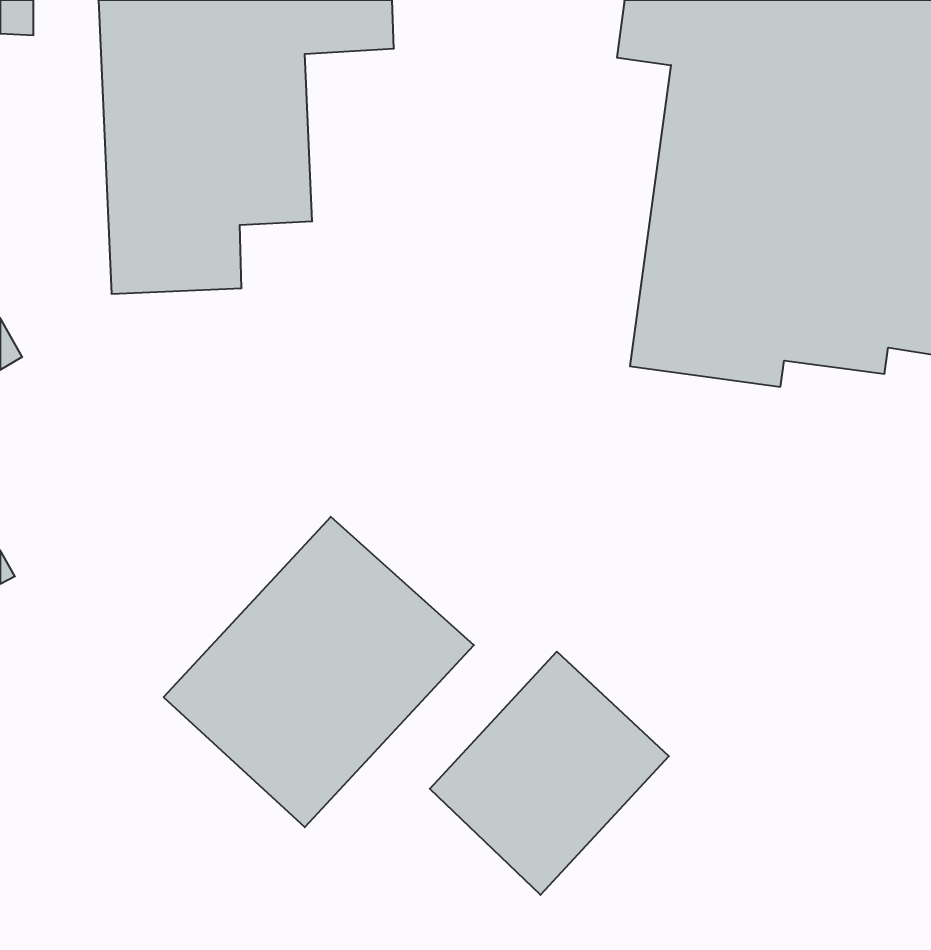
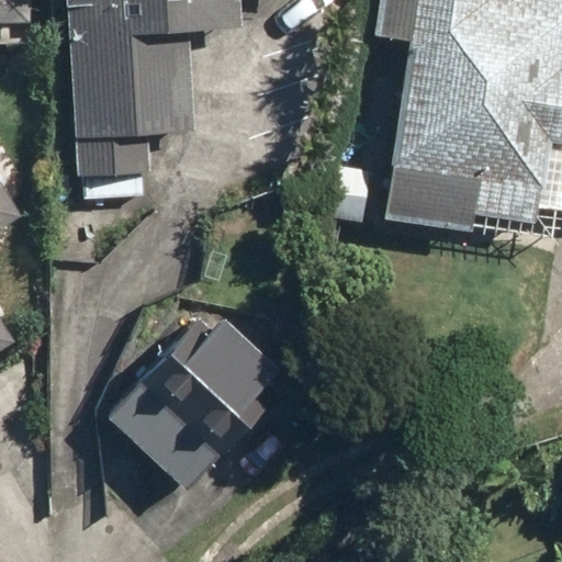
building: [430,652,669,895] -> none

